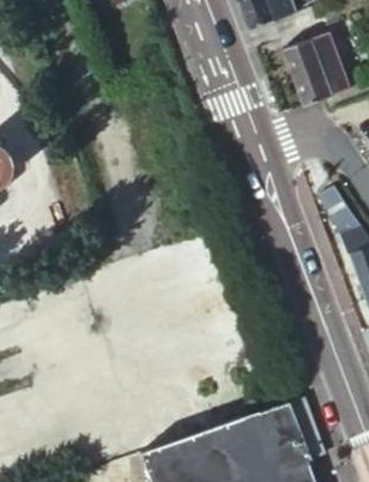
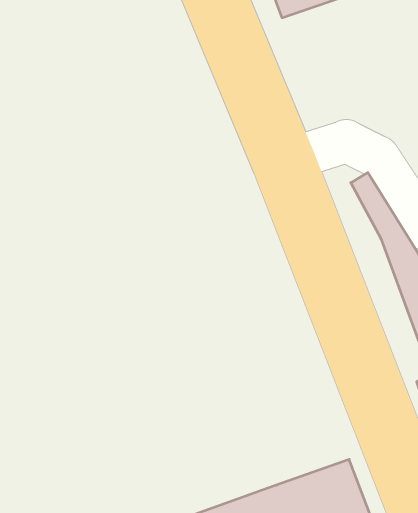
building: [282,35,337,103] -> none

